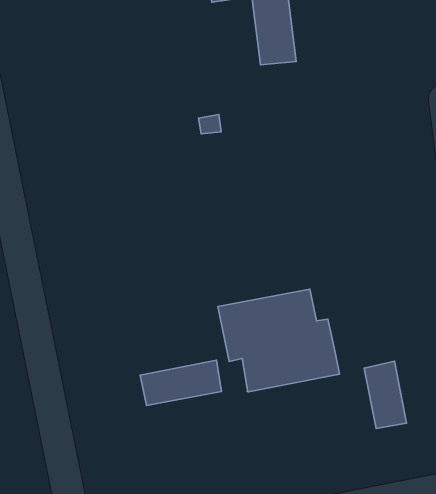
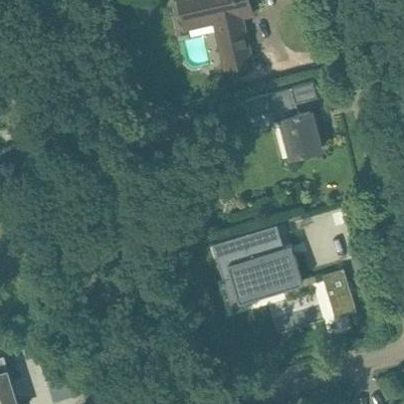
building: none -> [245,83,320,160]
building: [140,360,221,406] -> none

